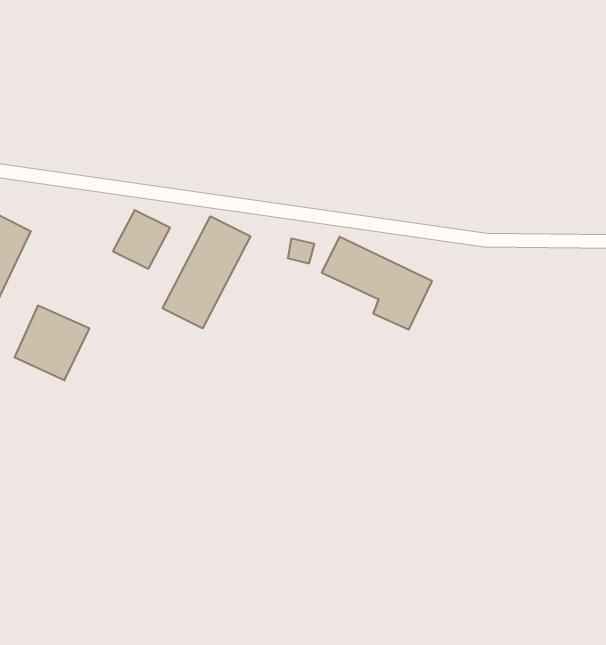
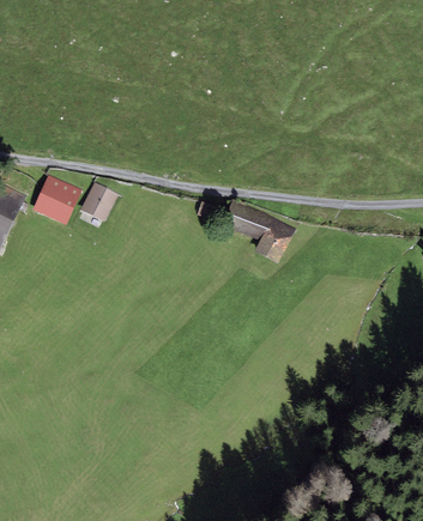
building: [163,216,250,328] -> none
building: [15,306,89,380] -> [32,175,83,225]

